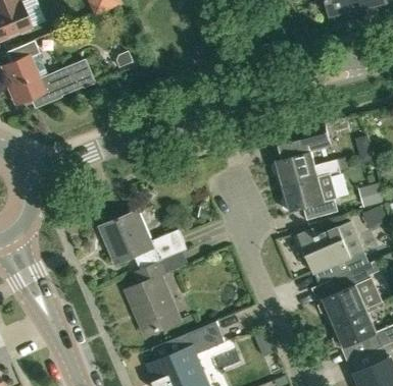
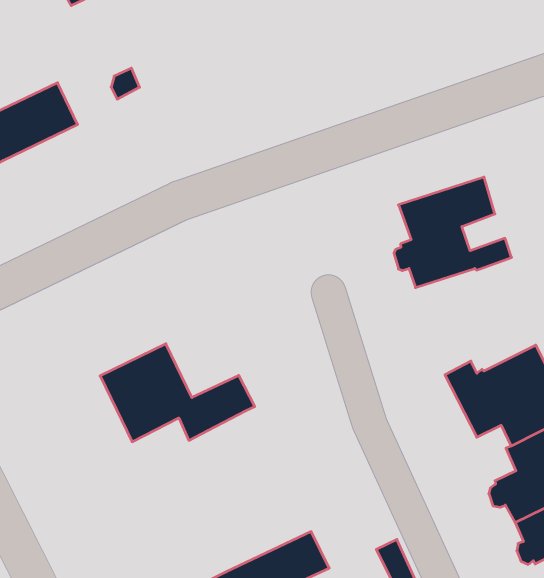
building: [282,176,339,220] -> none
building: [128,263,181,335] -> none

